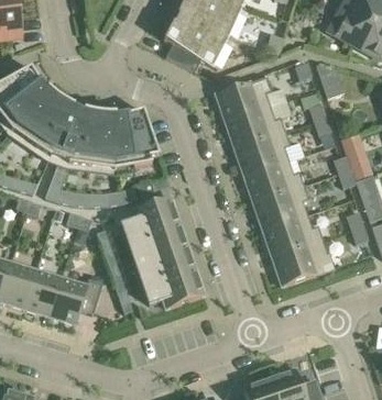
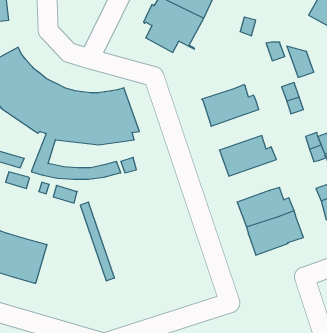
building: [215,77,271,122] -> none
building: [234,133,303,176] -> none
building: [253,186,308,231] -> none
building: [120,198,204,309] -> none
building: [48,276,102,325] -> none

